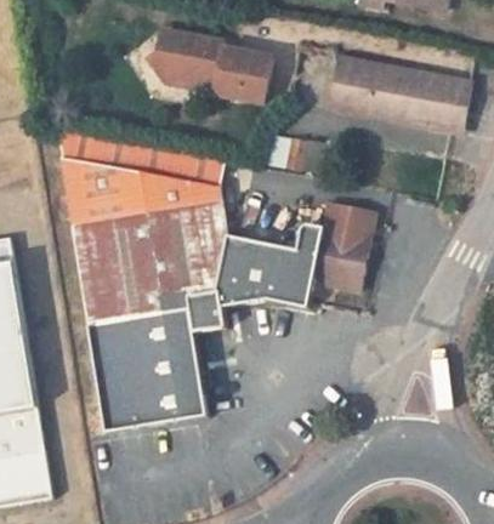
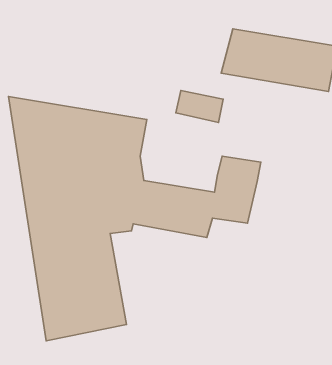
building: [147,23,276,106] -> none

